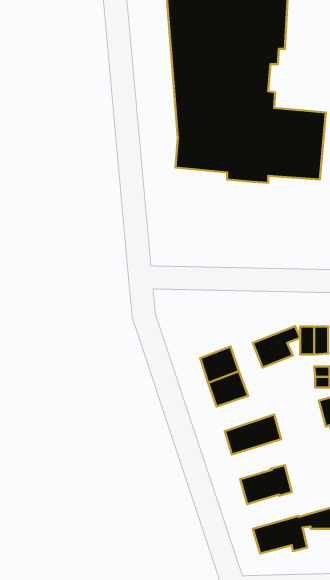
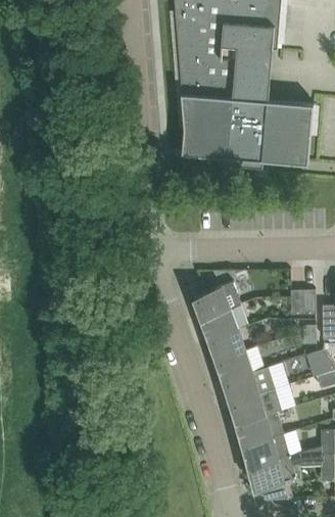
building: [253,326,300,367] -> [195,282,236,318]
building: none -> [218,350,252,381]
building: none -> [231,388,281,423]
building: none -> [244,434,289,466]

